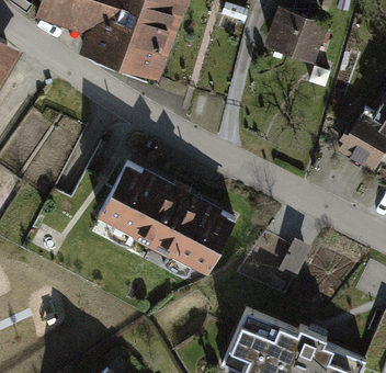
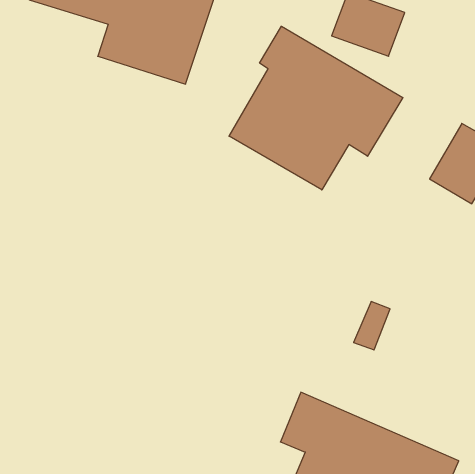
building: none -> [229,26,403,190]
building: [101,162,239,273] -> none

